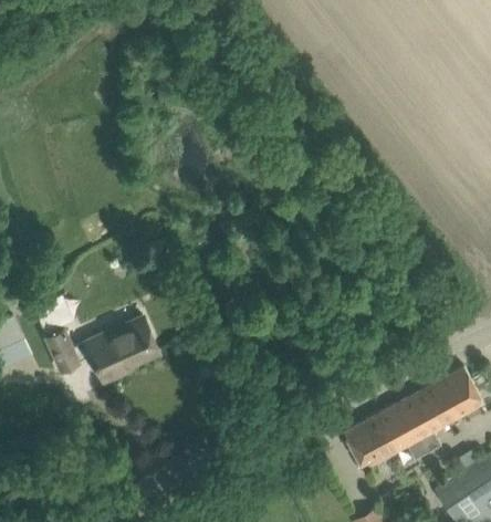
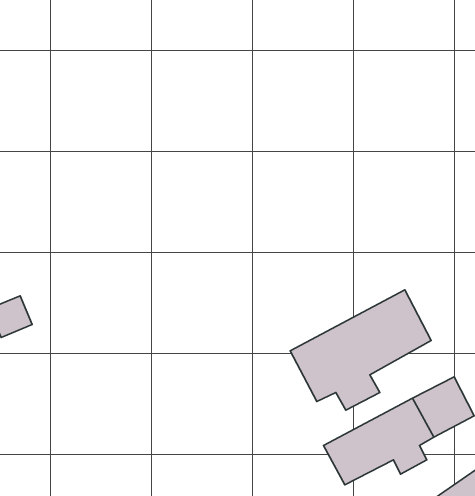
building: none -> [290,290,431,410]
building: [46,319,158,384] -> none

